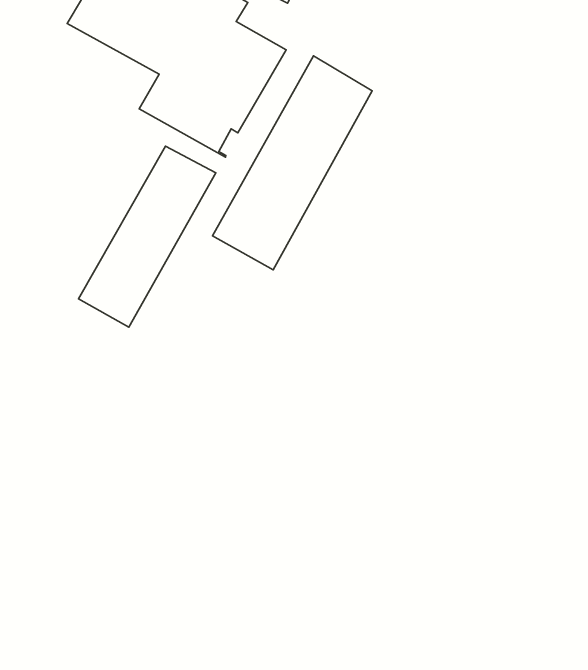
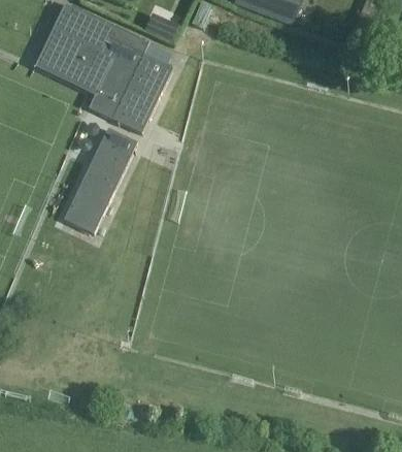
building: [213,56,372,270] -> none

